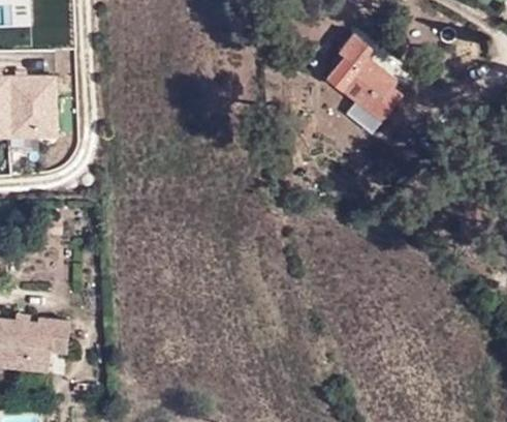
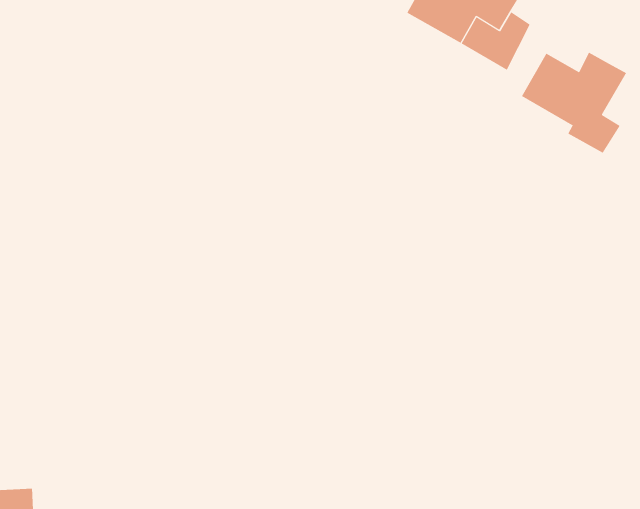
building: none -> [521,52,627,154]

